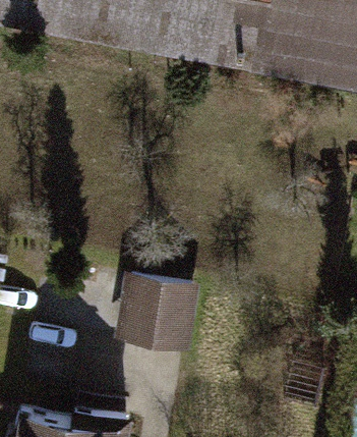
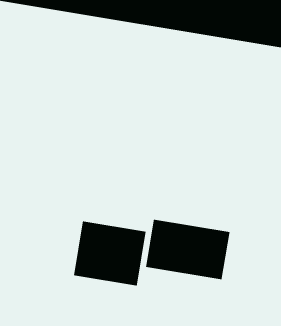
building: none -> [145,219,230,280]

